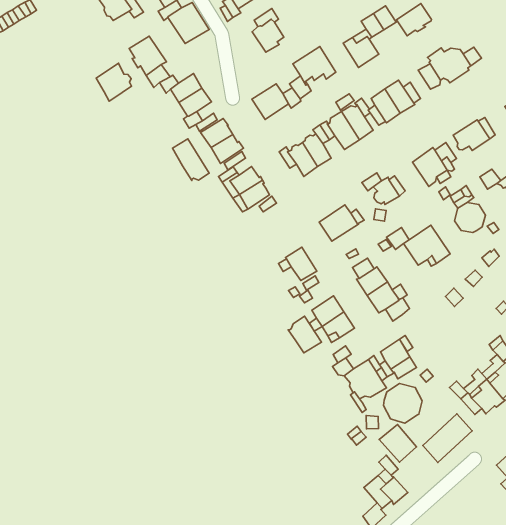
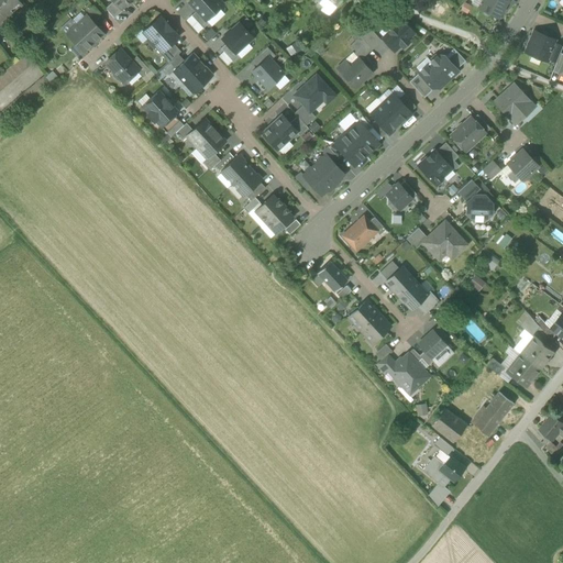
building: [96,63,132,101] -> none
building: [173,139,209,180] -> none
building: [288,316,322,353] -> none
building: [384,384,422,423] -> none

